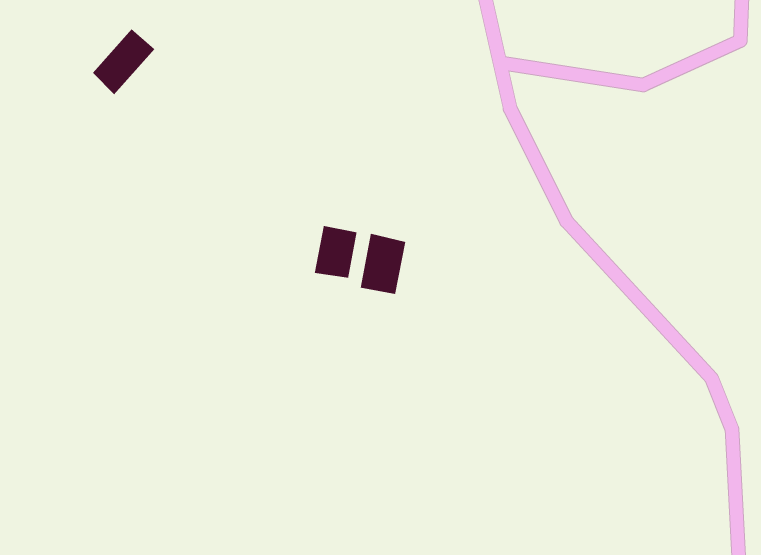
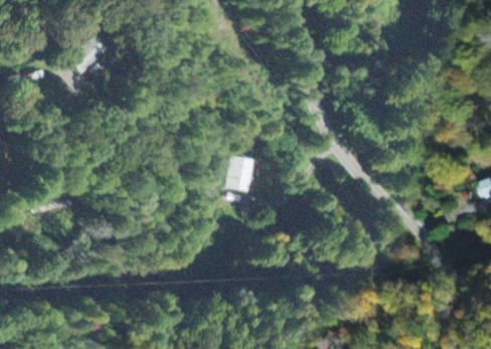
building: [314,225,357,278] -> none

